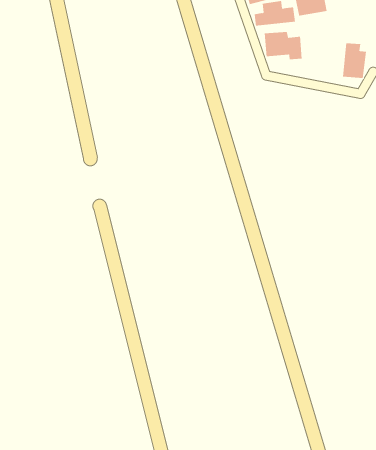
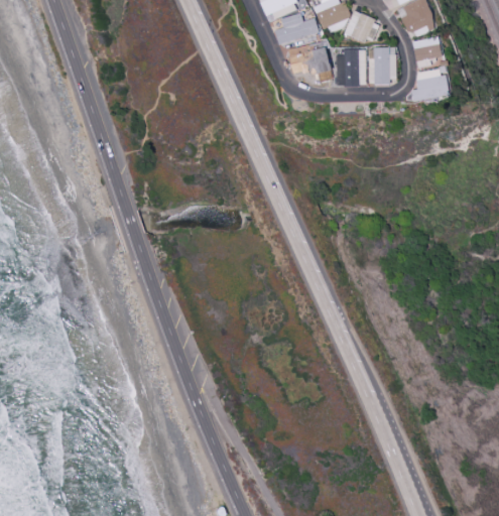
building: none -> [345,12,380,44]
building: none -> [336,48,367,87]

